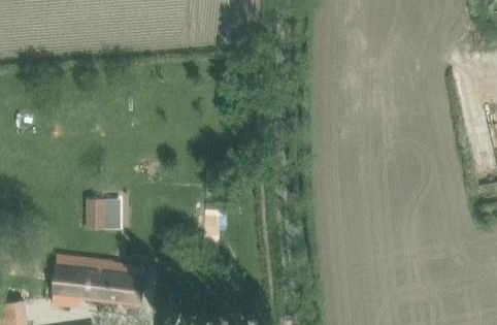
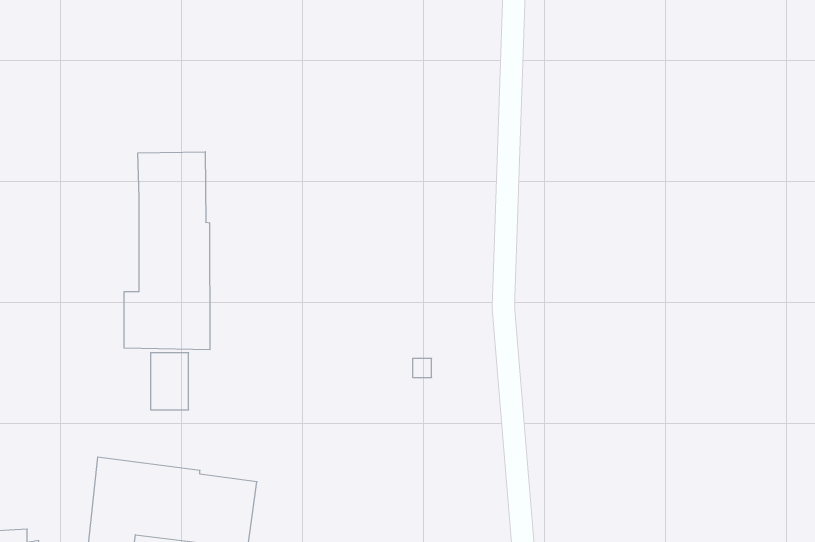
building: none -> [124,152,210,350]

